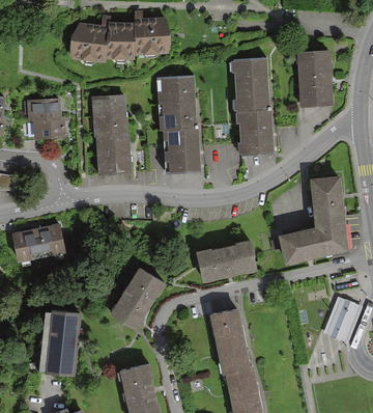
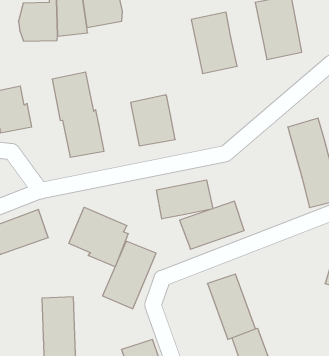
building: [157,77,197,132] -> none
building: [236,112,275,157] -> none
building: none -> [157,180,213,219]
building: none -> [69,207,128,267]
building: [279,227,319,261] -> none

